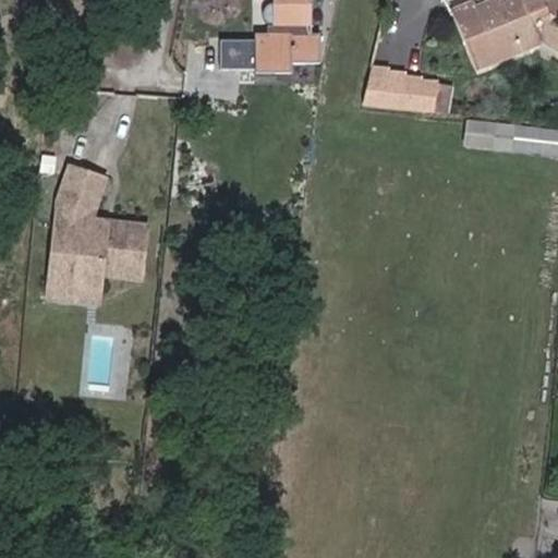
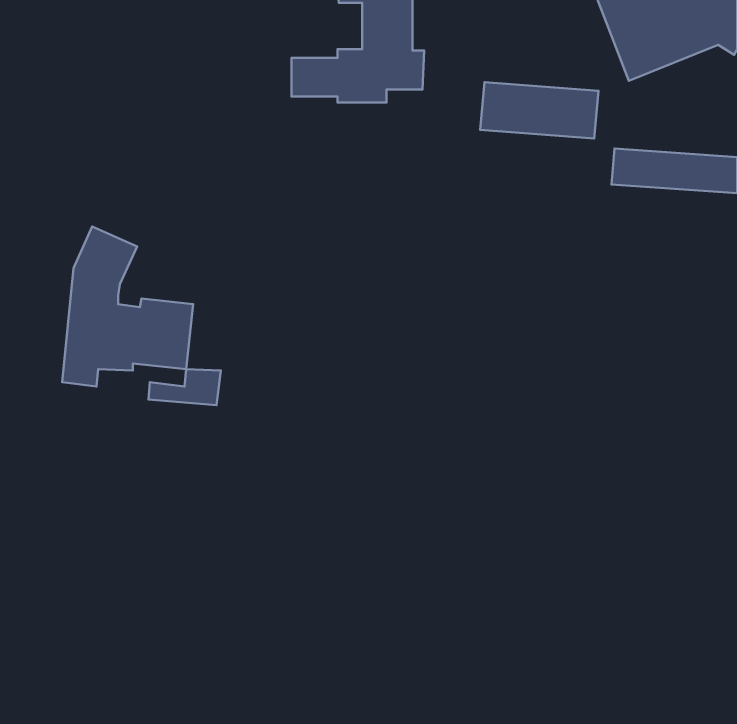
building: [46,279,100,306] -> [149,369,221,405]

